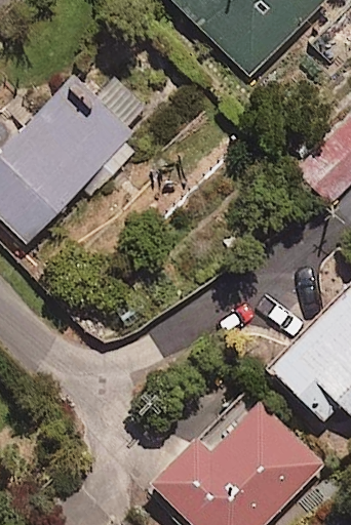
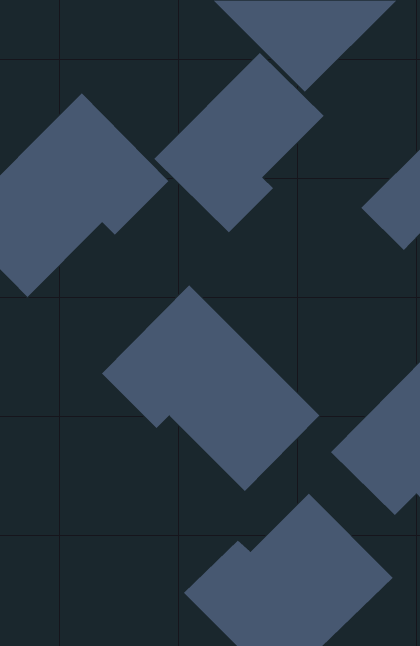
building: none -> [153,52,325,233]
building: none -> [101,284,320,492]

